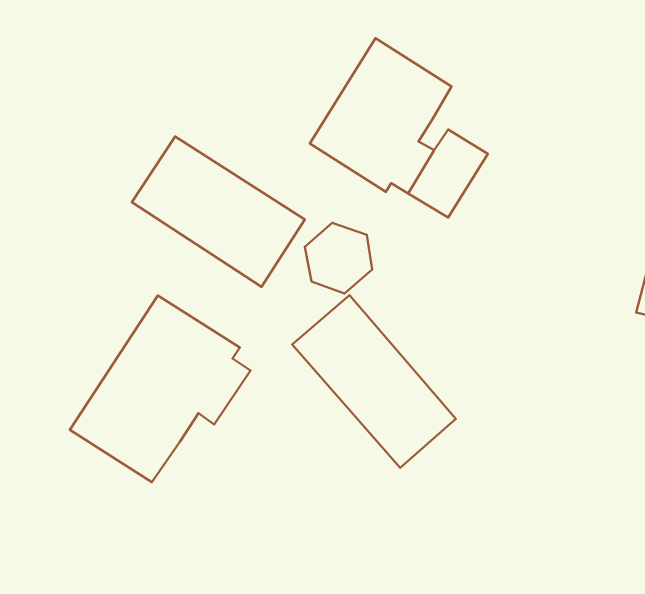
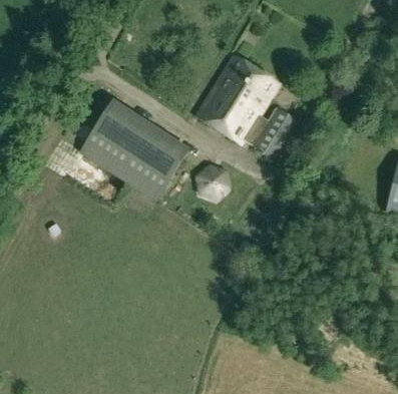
building: [292,295,456,468] -> none
building: [70,295,250,482] -> none

